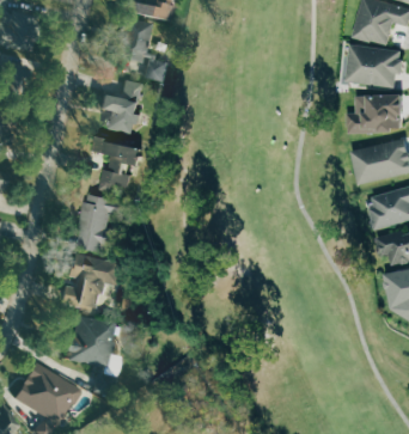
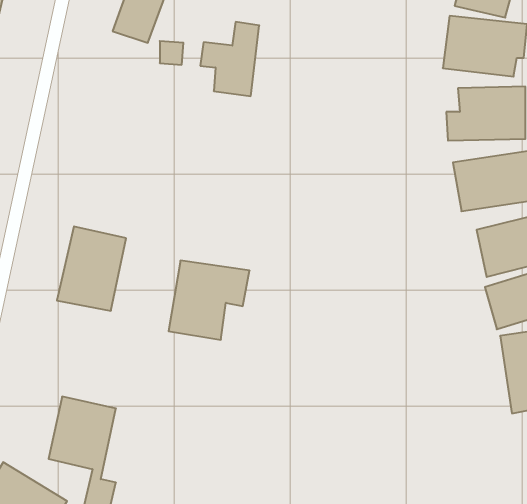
building: [99,81,141,134] -> [200,22,259,96]
building: [91,136,141,197] -> none
building: [65,255,122,311] -> [169,261,250,340]

